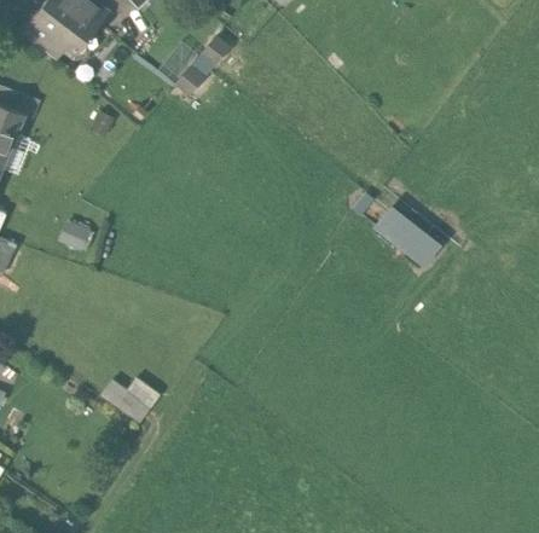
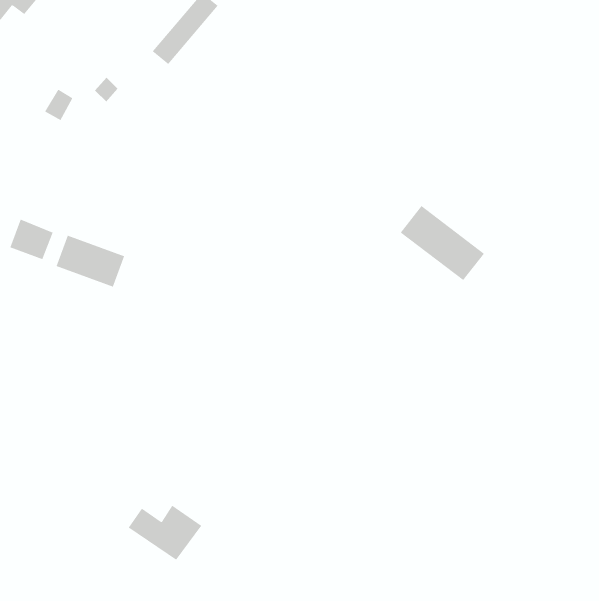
building: none -> [56,235,125,288]
building: [100,378,160,423] -> [128,505,202,561]

